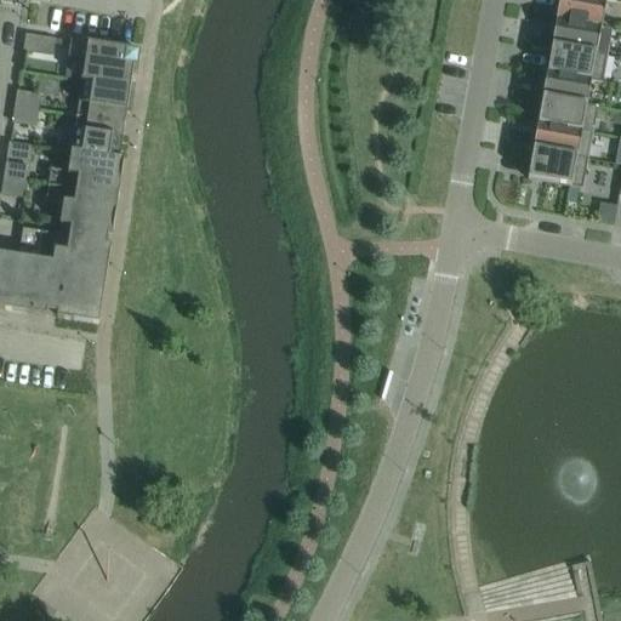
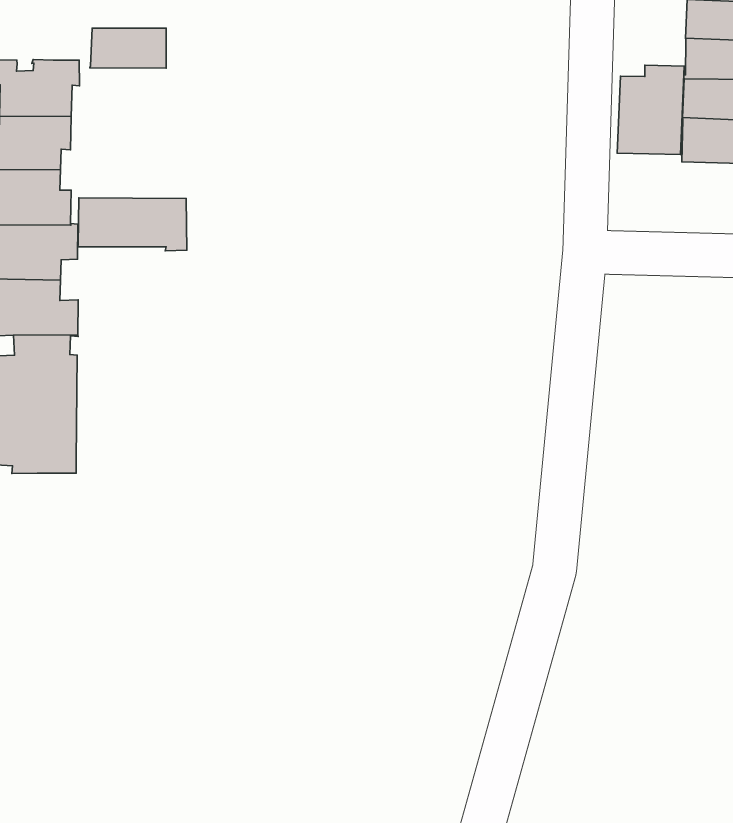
building: none -> [90,28,166,68]
building: none -> [617,65,684,155]
building: none -> [78,198,187,251]

